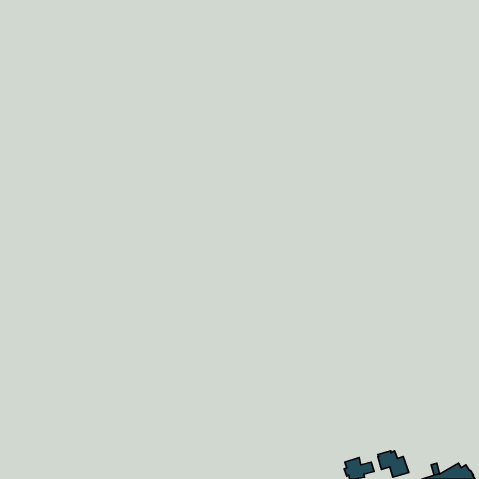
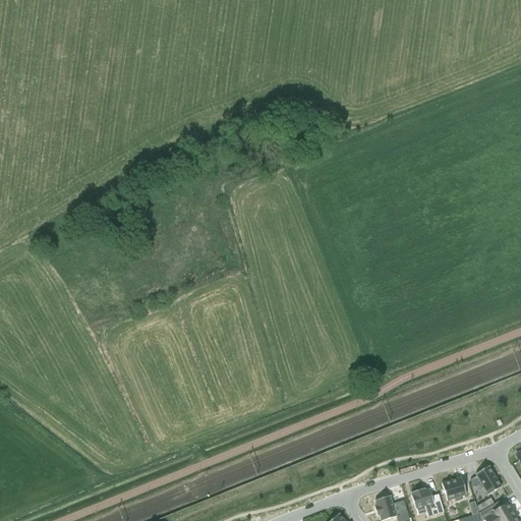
building: none -> [475,467,501,496]
building: none -> [441,478,466,502]

